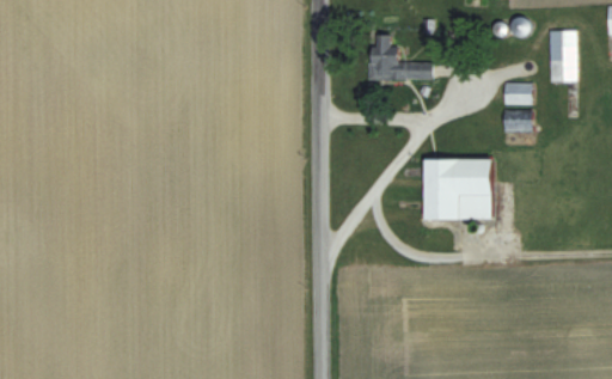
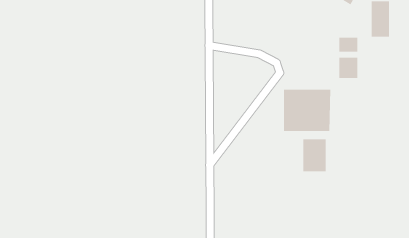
building: [369,33,434,79] -> none
building: none -> [303,138,326,172]

